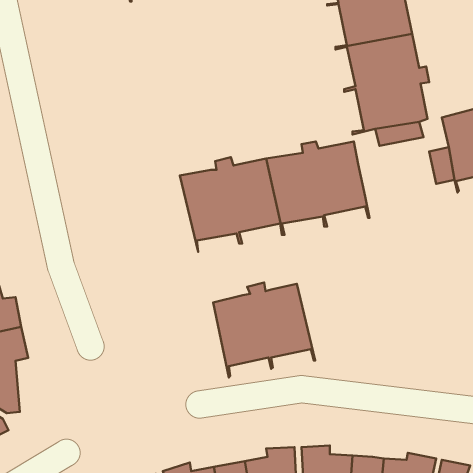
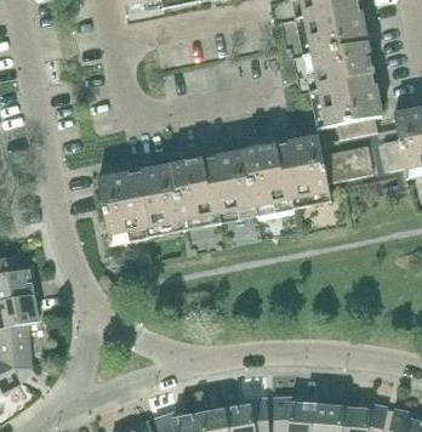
building: none -> [321,146,372,182]
building: [213,283,315,377] -> [97,163,184,244]

